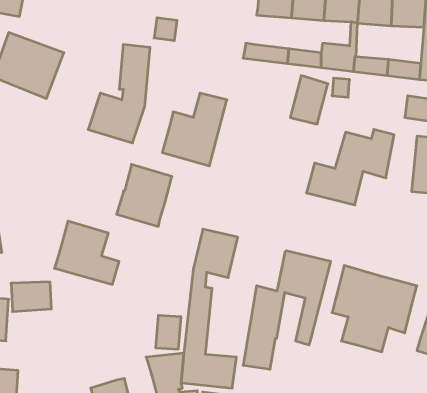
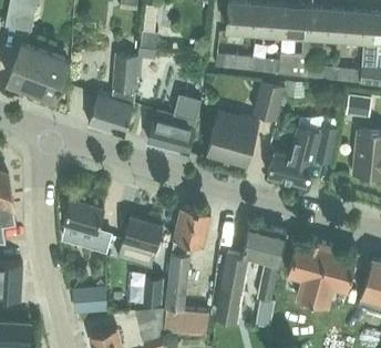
building: none -> [207,110,259,165]
building: [117,164,172,226] -> [117,216,163,267]
building: [11,282,51,312] -> [74,288,107,313]

